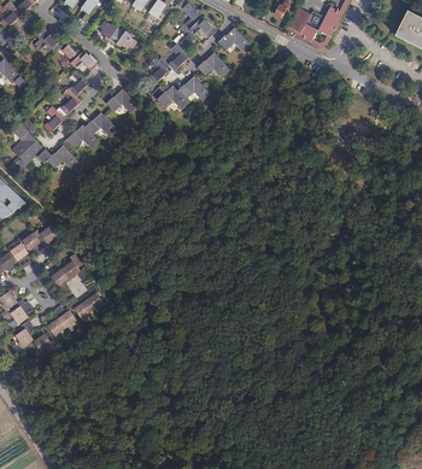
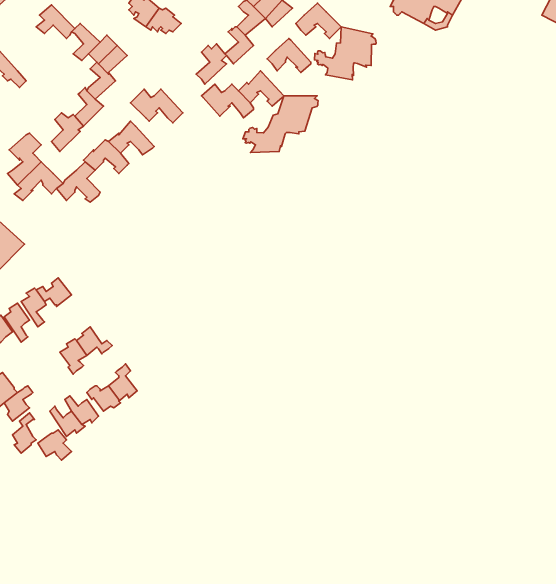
building: none -> [314,27,376,80]
building: none -> [243,96,318,152]

